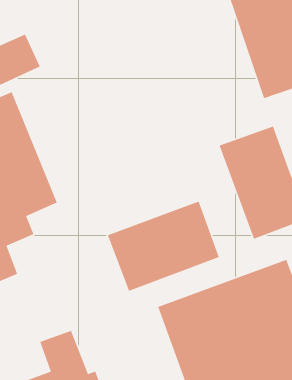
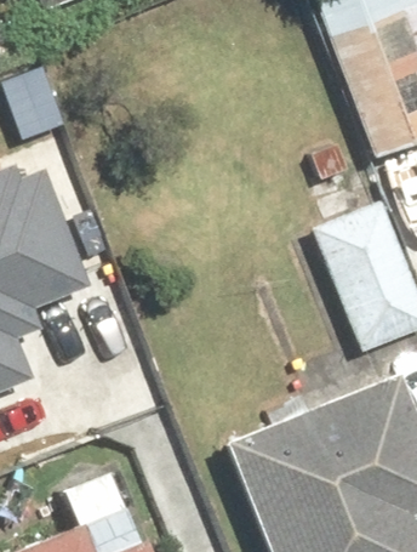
building: [107,201,220,292] -> none

